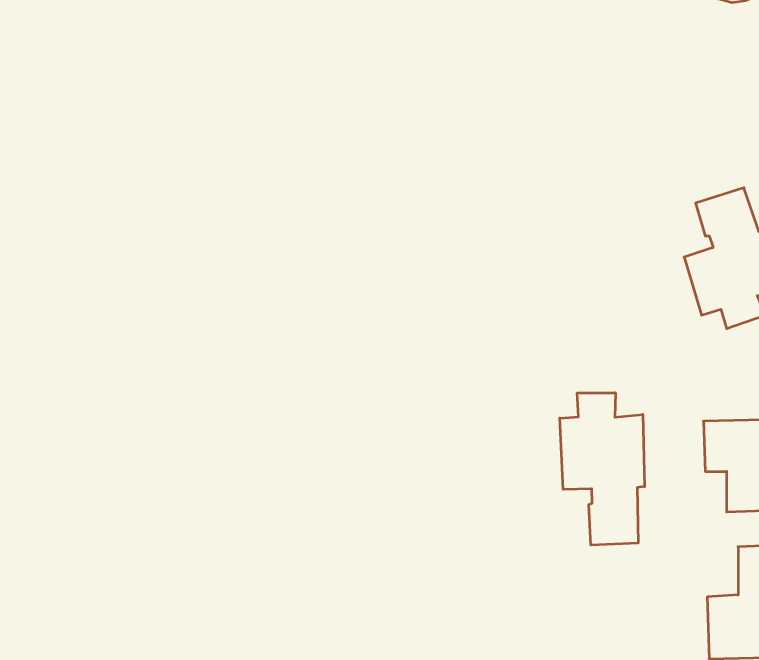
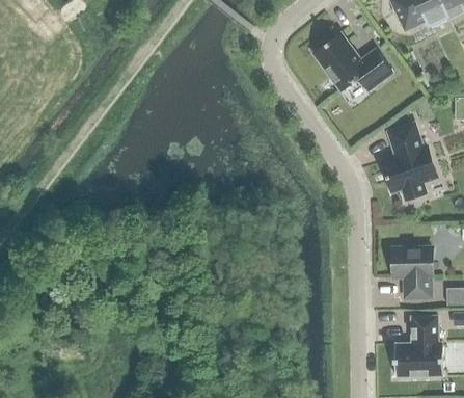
building: none -> [313,32,392,90]
building: [560,393,645,545] -> none

